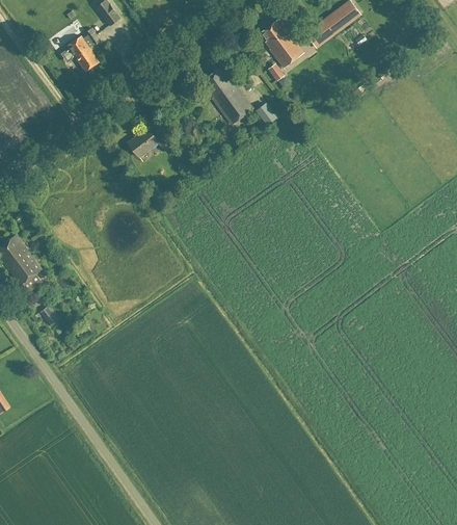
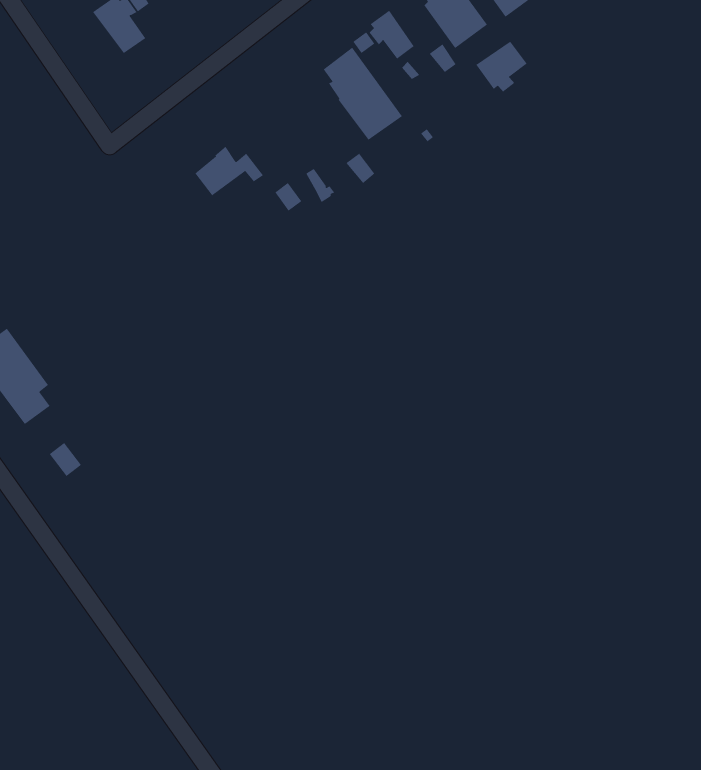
building: none -> [369,10,415,60]
building: none -> [475,41,527,93]

